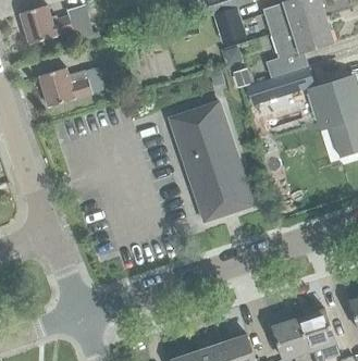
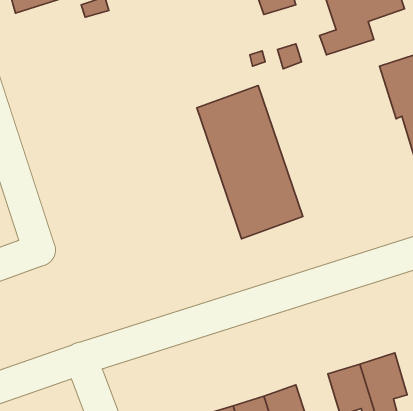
building: [38,64,106,104] -> none
building: [247,66,313,102] -> none

